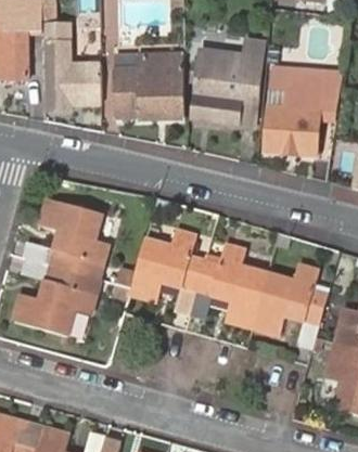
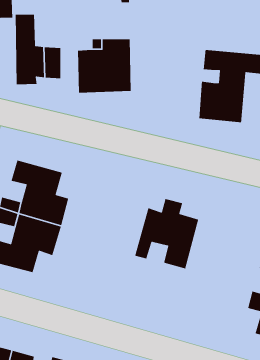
building: [192,42,264,124] -> none
building: [130,231,205,314] -> none
building: [251,264,327,349] -> none

